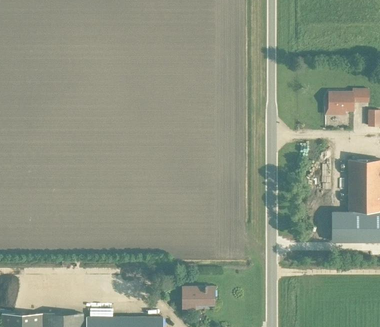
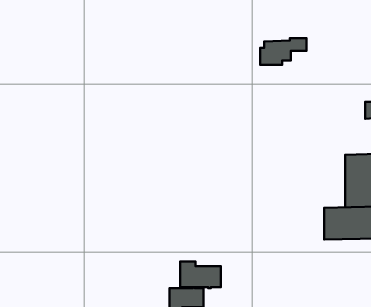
building: [325,90,369,115] -> [260,38,307,65]
building: none -> [180,262,221,288]

